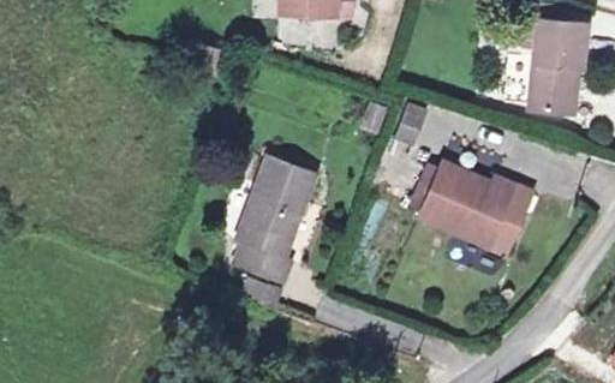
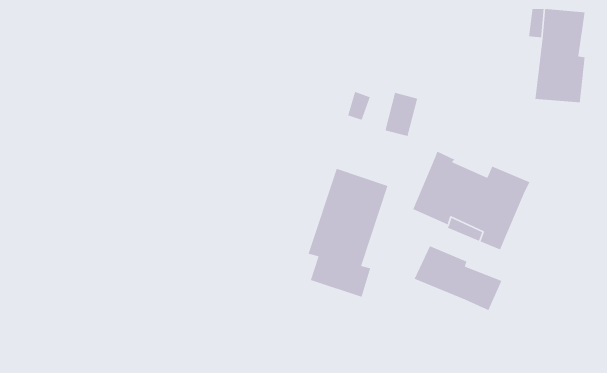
building: [232,162,310,287] -> [307,168,389,298]
building: none -> [414,245,503,311]

